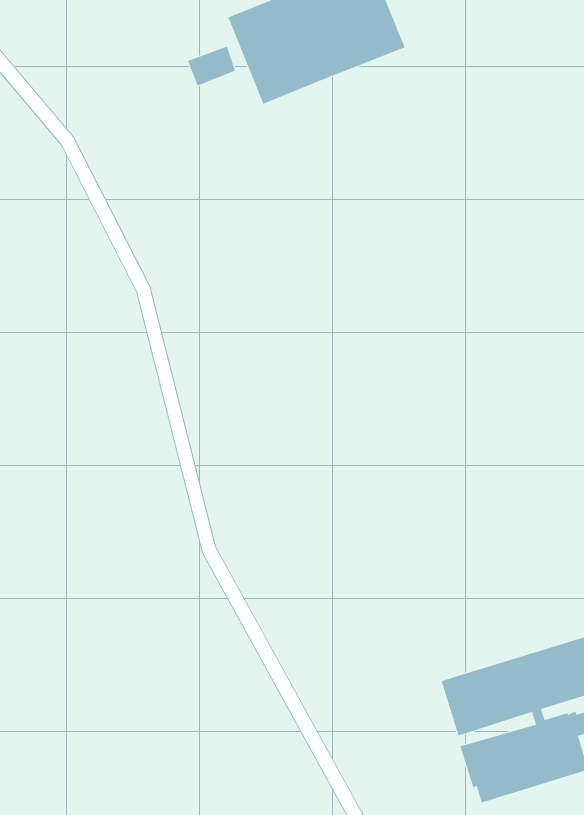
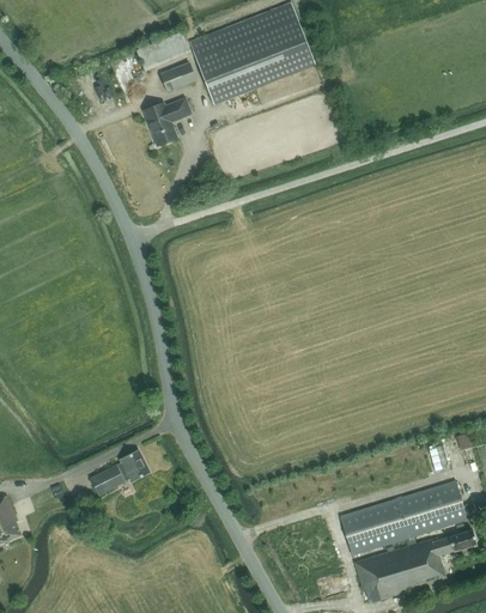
building: none -> [142,98,189,145]
building: none -> [89,450,148,494]

